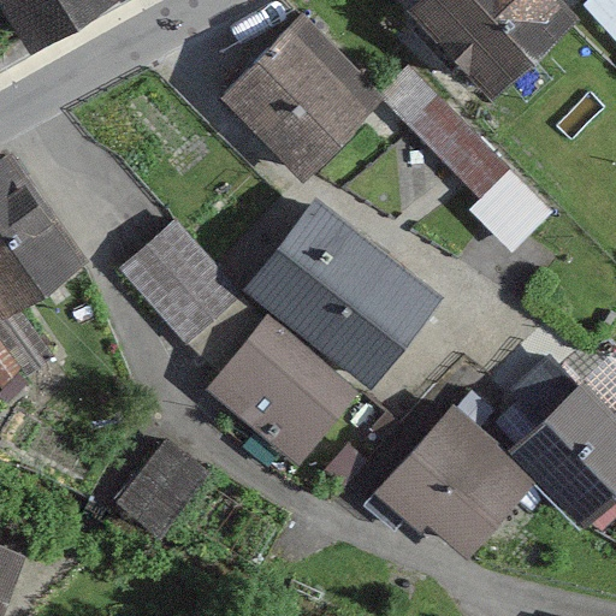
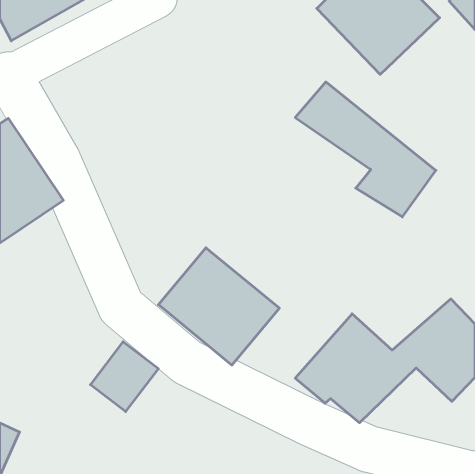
building: [229,23,381,174] -> none
building: [249,196,444,385] -> none
building: [124,225,243,345] -> none

